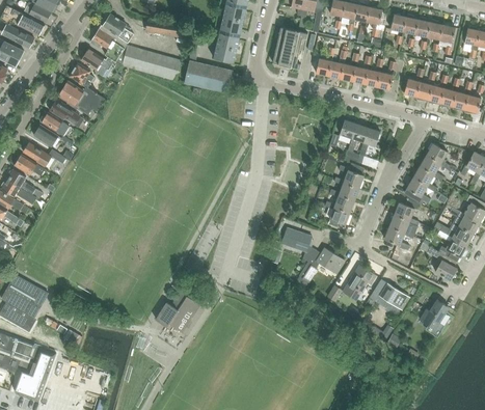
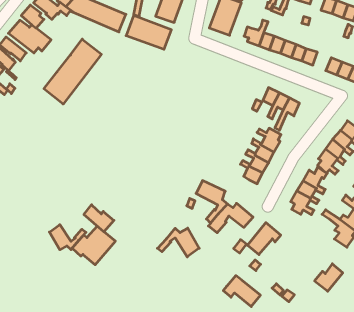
building: none -> [44,39,101,104]
building: none -> [84,205,114,232]
building: [369,279,409,310] -> [223,276,260,307]
building: none -> [157,228,199,257]
building: none -> [49,225,86,250]

